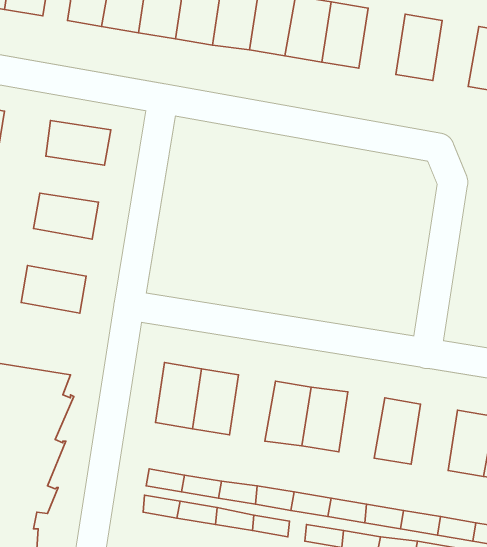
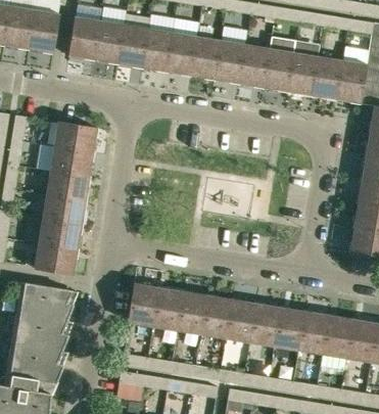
building: none -> [263,47,293,91]
building: none -> [312,55,342,99]
building: none -> [51,145,94,176]
building: none -> [43,193,86,225]
building: none -> [35,242,78,274]
building: none -> [177,290,207,334]
building: none -> [249,302,280,346]
building: none -> [297,310,328,354]

